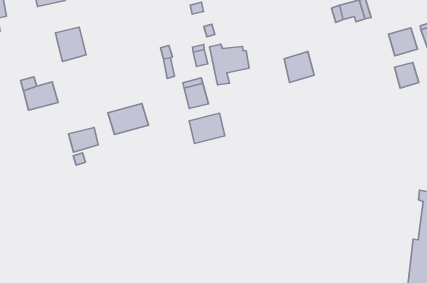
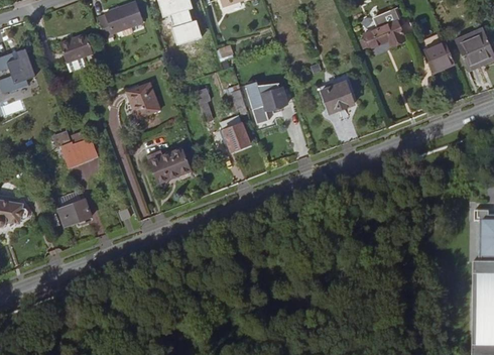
building: [56,27,86,61] -> [126,82,159,118]
building: [395,62,419,88] -> none
building: [189,113,225,143] -> none
building: [69,128,98,152] -> [56,199,88,226]

